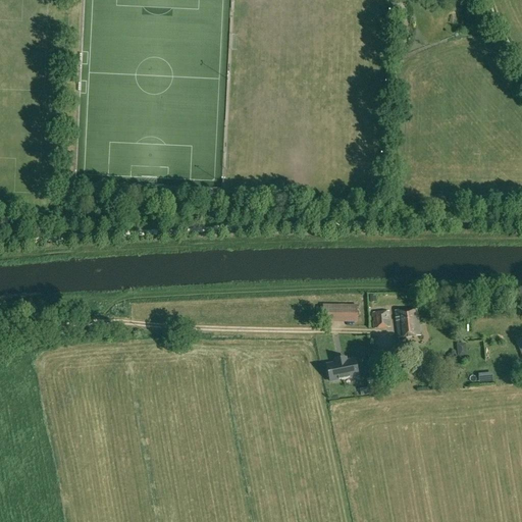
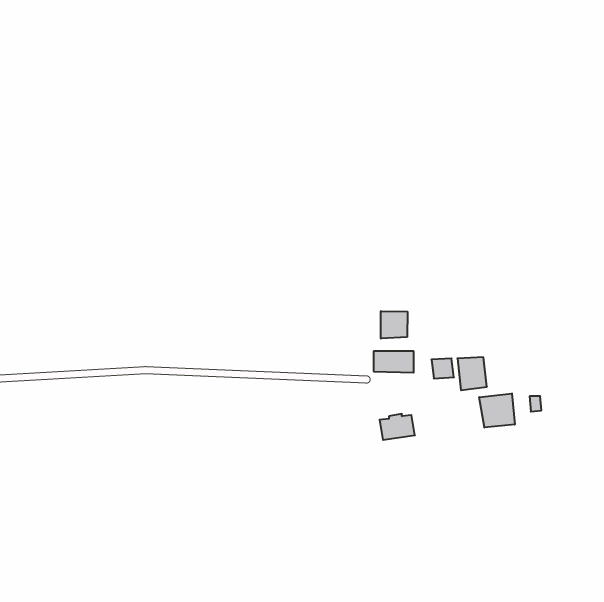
building: none -> [381,311,407,339]
building: none -> [479,393,515,428]

